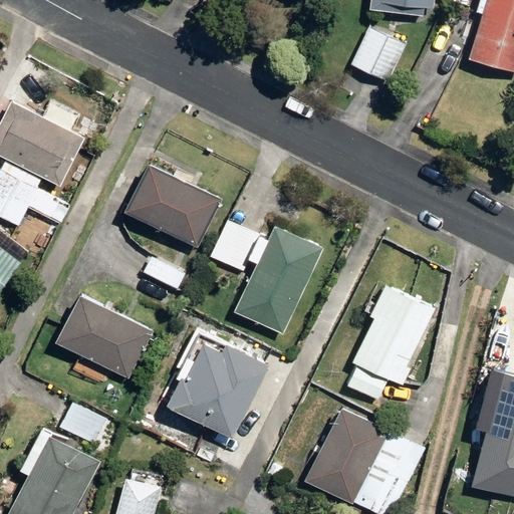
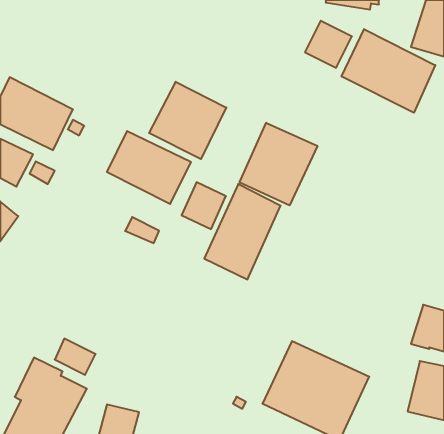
building: none -> [342,29,435,113]
building: none -> [149,82,226,159]
building: none -> [240,123,317,205]
building: [346,284,436,401] -> none
building: [54,293,154,378] -> none
building: [162,330,267,436] -> none

